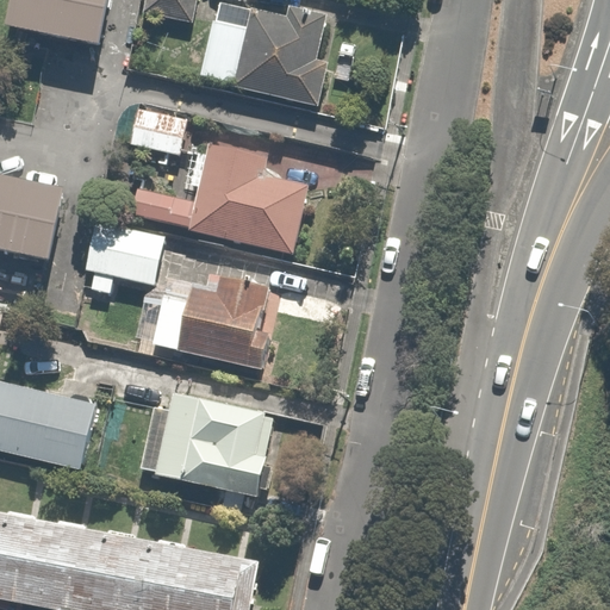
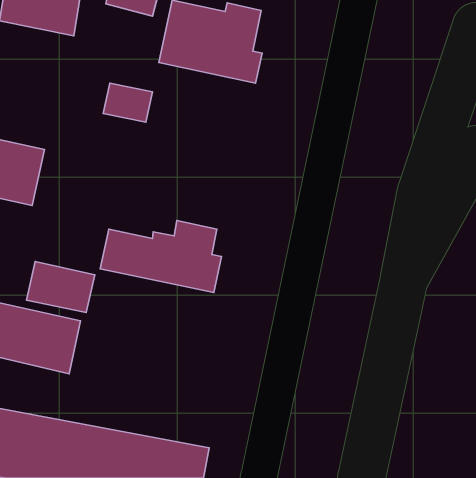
building: [130,147,312,253] -> none
building: [82,220,168,285] -> [27,261,95,313]
building: [138,394,278,498] -> none

